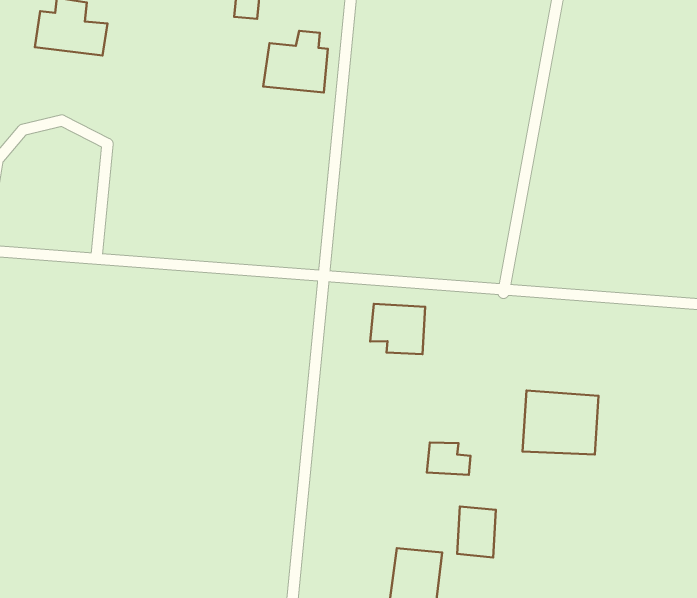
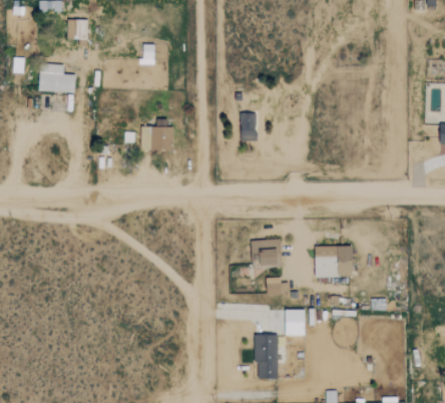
building: [263,31,328,92] -> [140,118,172,149]
building: none -> [241,113,257,140]
building: [370,304,425,354] -> [252,239,280,265]

